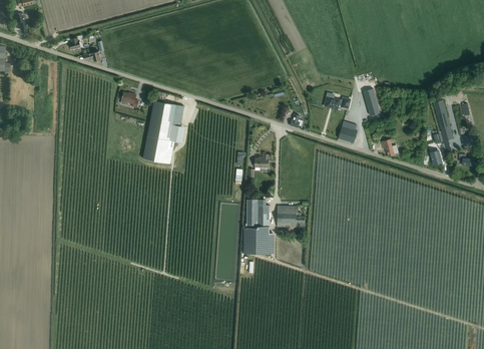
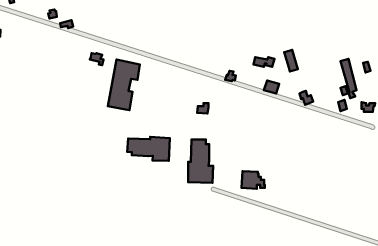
building: none -> [127,137,170,161]
building: [277,205,306,227] -> [242,171,265,189]

